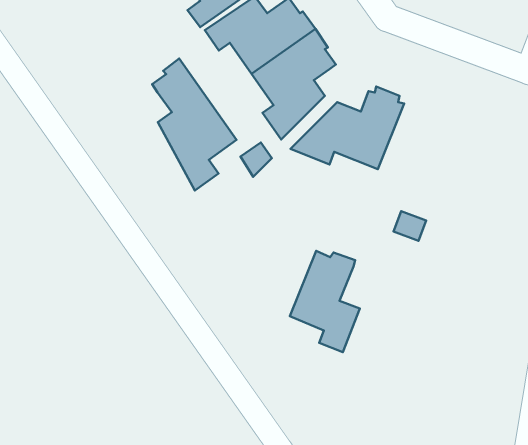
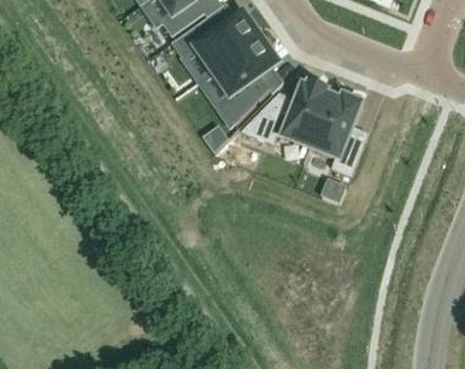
building: [152,59,237,191] -> none
building: [290,251,360,352] -> [308,94,363,172]

